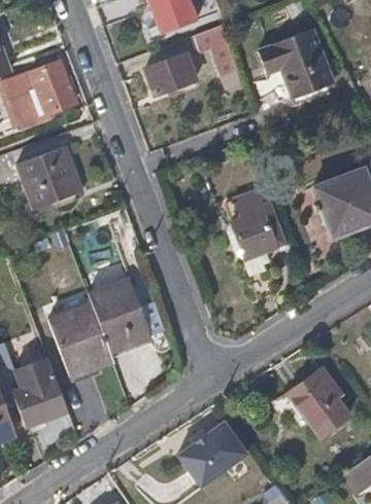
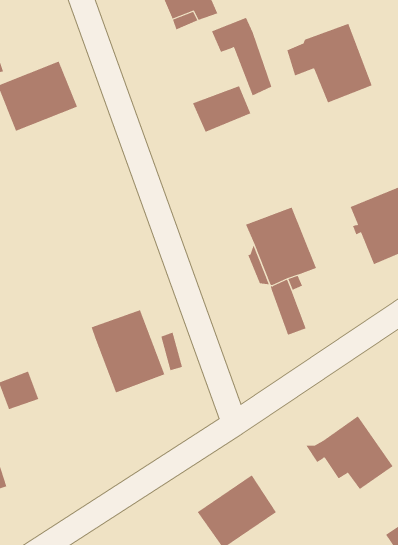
building: [144,55,196,96] -> [192,85,251,133]
building: [13,143,80,207] -> none
building: [47,302,112,375] -> none
building: [11,373,67,425] -> none

